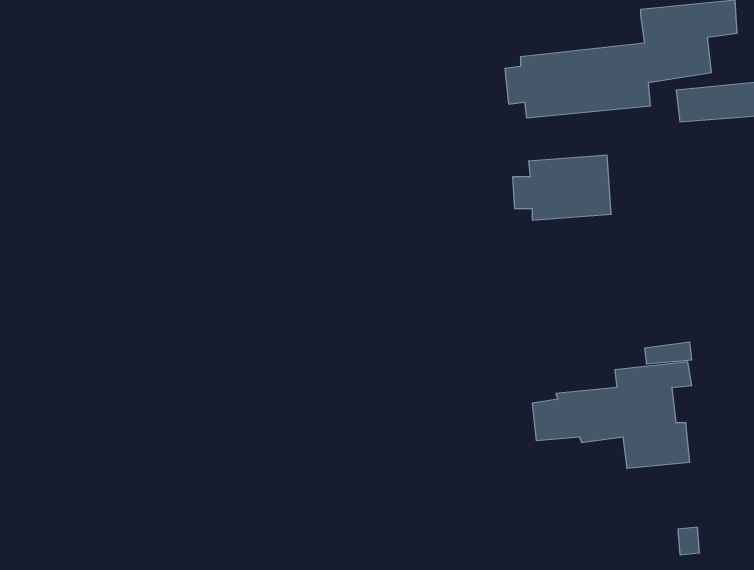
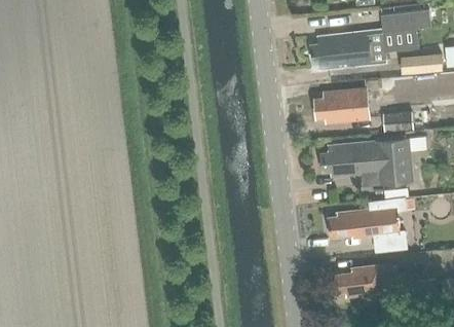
building: none -> [383,110,414,131]
building: none -> [319,139,412,187]
building: none -> [332,265,393,299]

